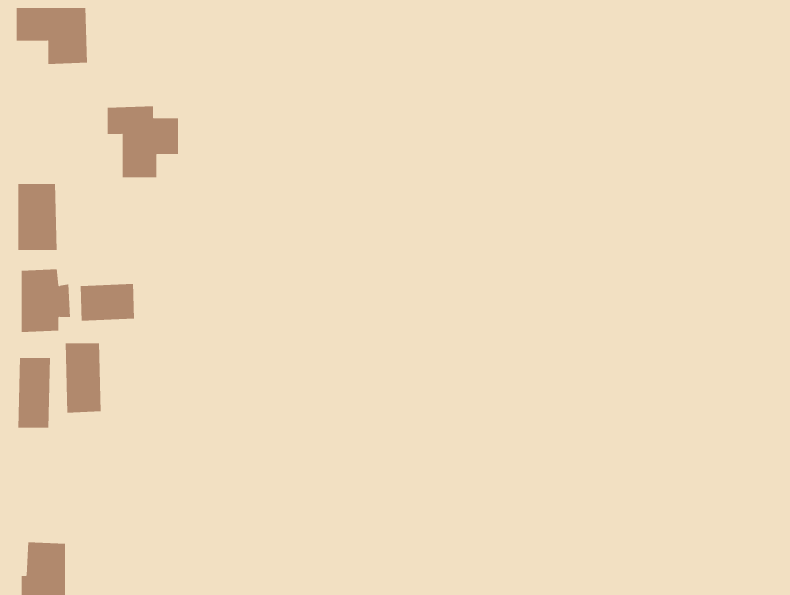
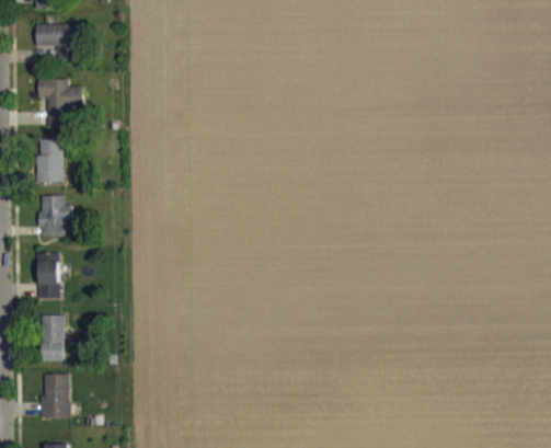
building: [107,106,179,178] -> [37,78,84,125]
building: [80,283,135,321] -> none
building: [65,343,102,413] -> [39,314,64,360]

